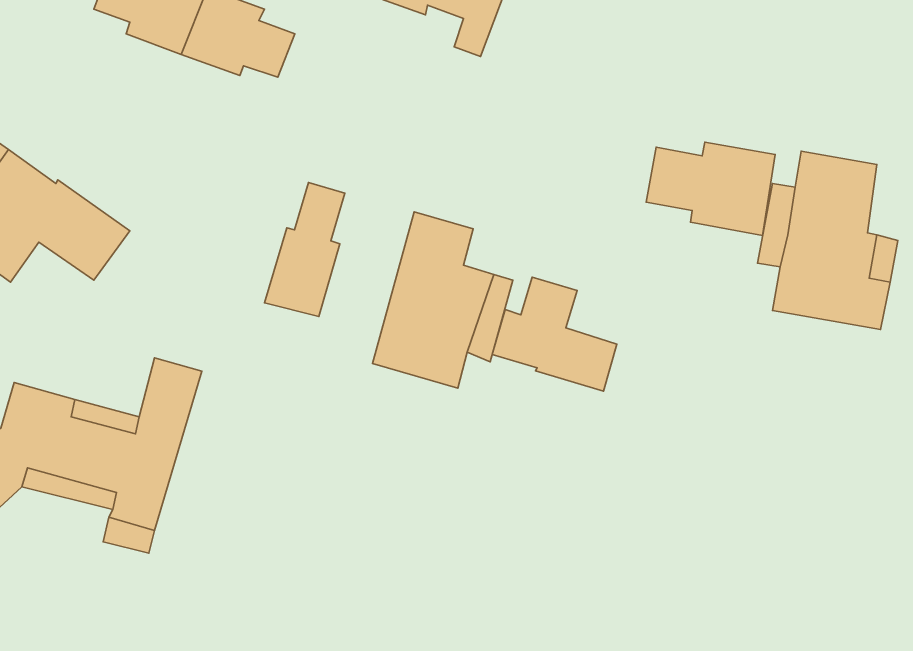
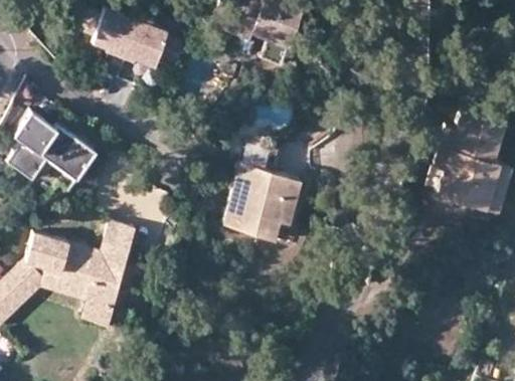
building: [646,142,775,236] -> none
building: [265,183,345,317] -> none
building: [492,277,617,391] -> none

